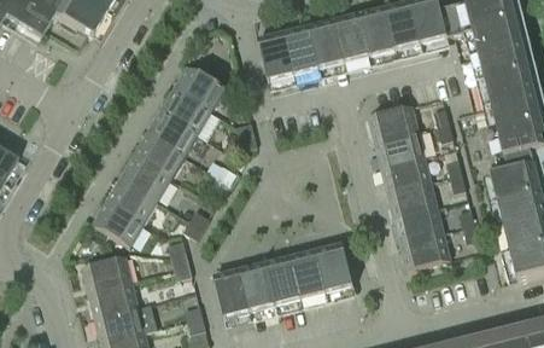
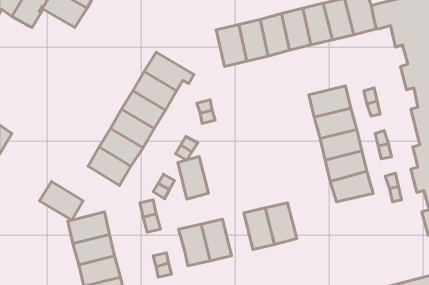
building: [92,199,144,245] -> [39,181,83,220]
building: [400,232,450,268] -> none
building: [265,255,302,306] -> [178,156,208,199]

